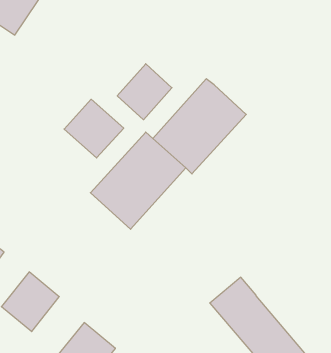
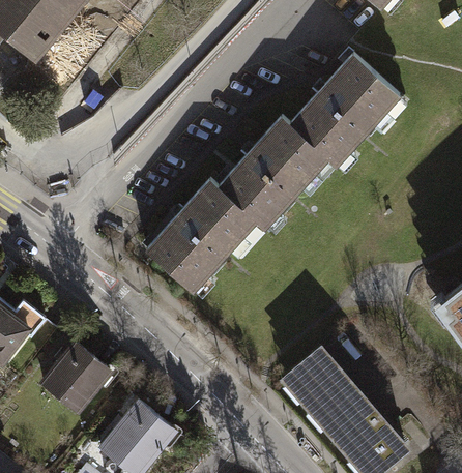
building: none -> [289,55,399,167]
building: [117,64,172,120] -> none
building: [64,99,124,158] -> none

